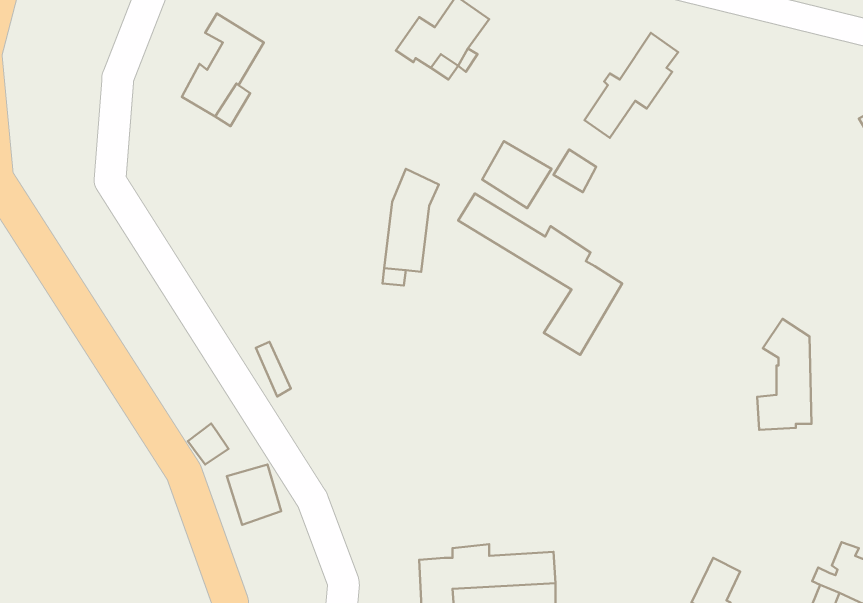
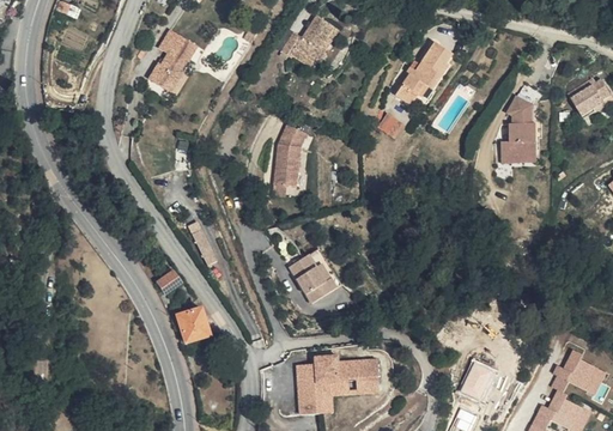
building: [482,141,551,208] -> none
building: [458,193,622,355] -> none
building: [757,319,812,430] -> [502,93,535,162]
building: none -> [289,247,339,302]

